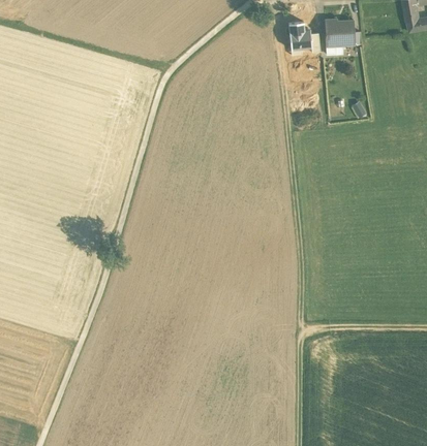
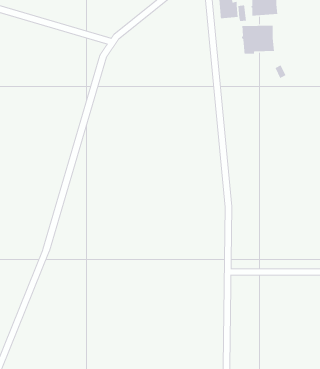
building: none -> [241,25,275,55]

